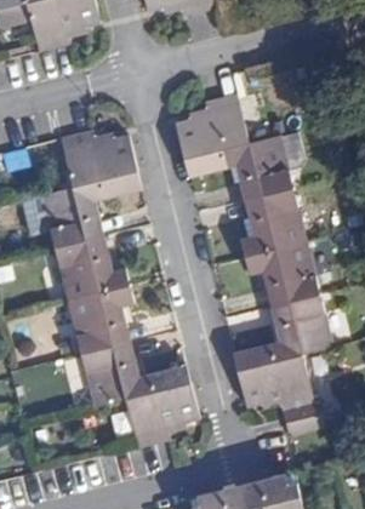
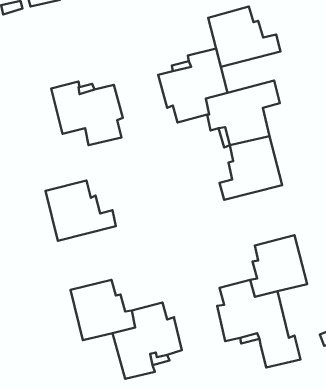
building: none -> [208,6,280,67]
building: [40,181,99,247] -> none
building: [244,241,319,305] -> none
building: [67,285,133,353] -> none

